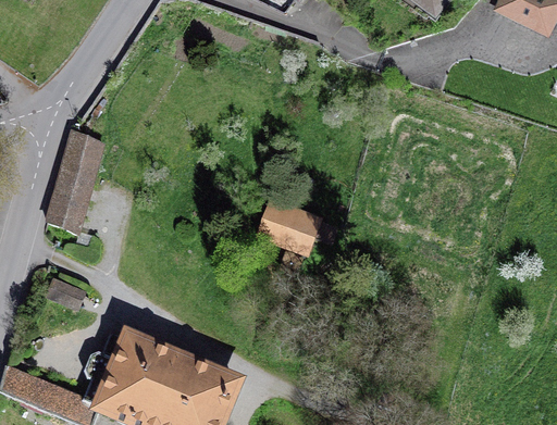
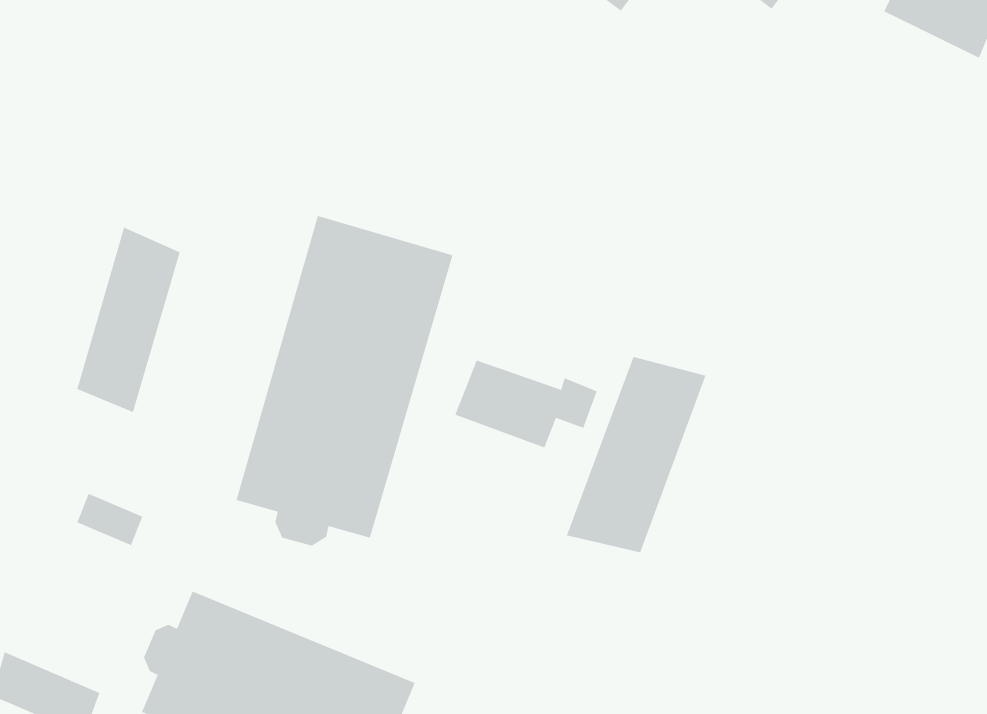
building: none -> [236,215,453,546]
building: none -> [566,356,706,553]

